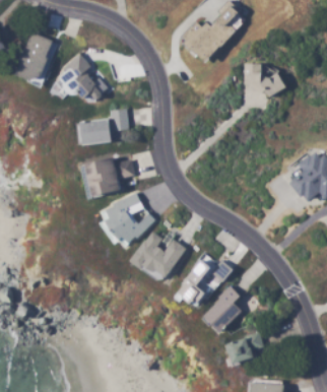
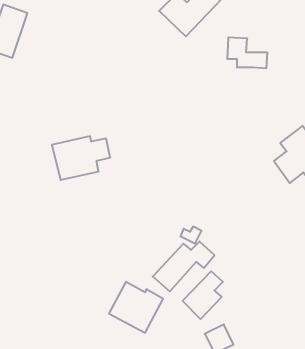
building: [60,54,110,101] -> none
building: [74,109,128,144] -> none
building: [104,193,154,244] -> none
building: [133,231,185,279] -> [109,282,163,333]

